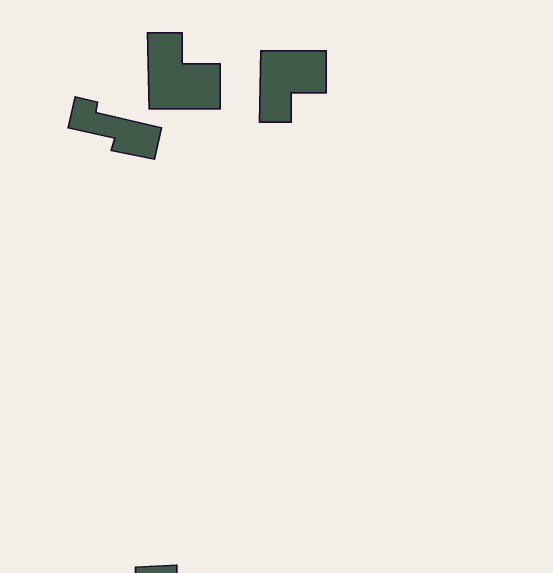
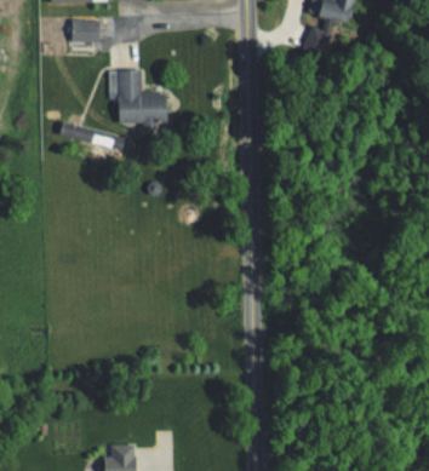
building: [259,51,326,122] -> none

